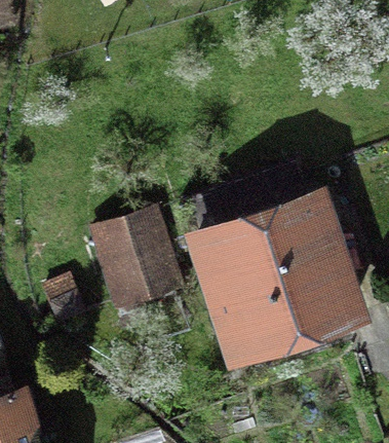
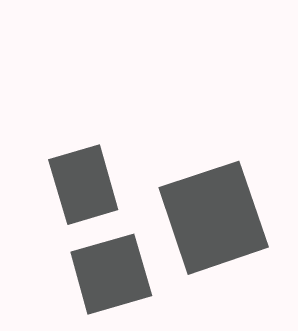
building: none -> [69,233,154,316]

